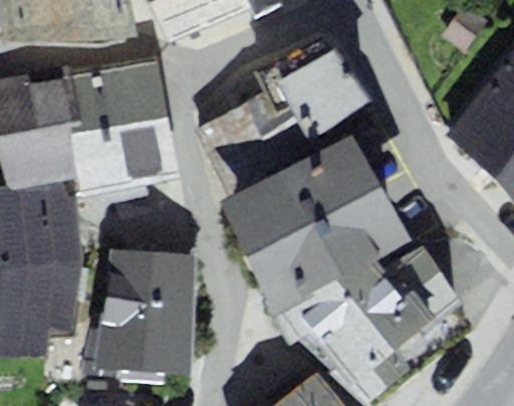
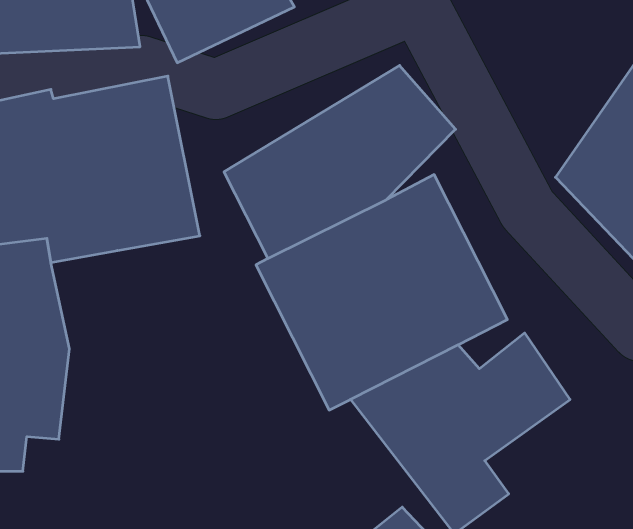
building: [121,259,202,381] -> none

